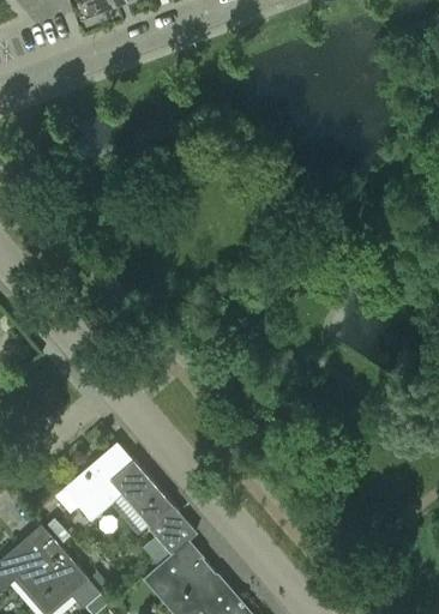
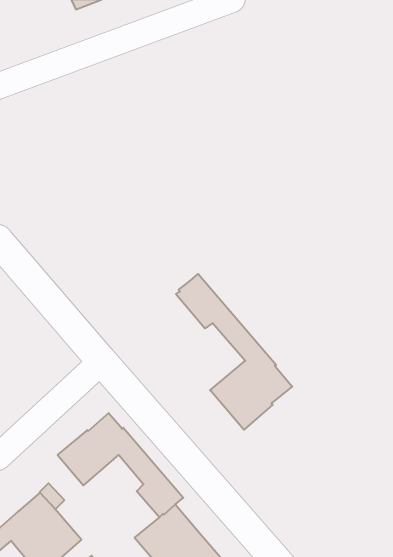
building: none -> [176,274,292,430]

